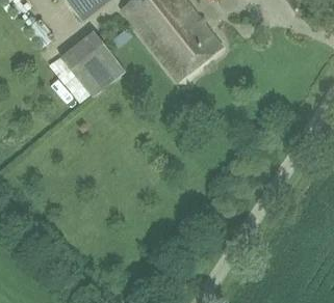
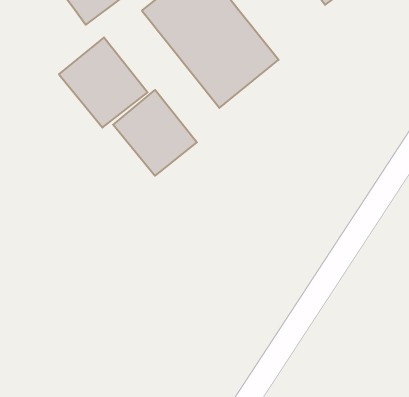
building: none -> [113,90,197,176]

